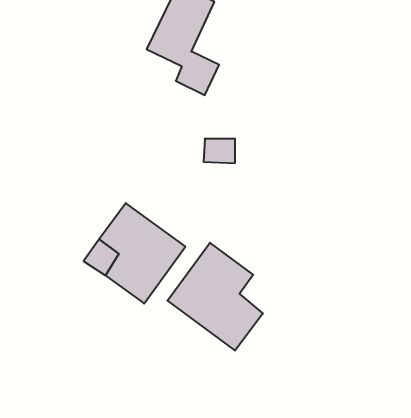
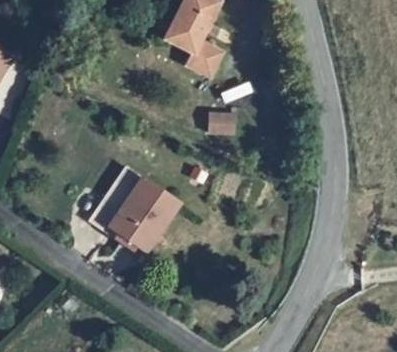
building: [167,243,263,351] -> none

